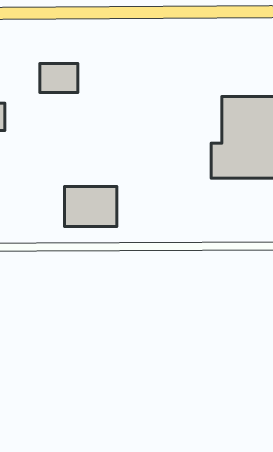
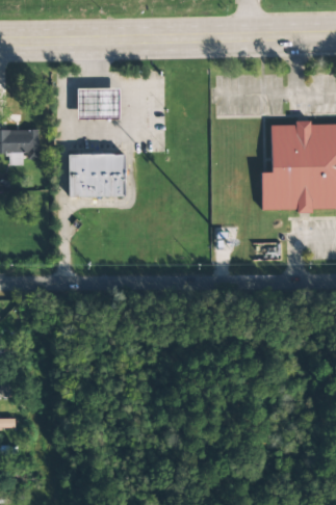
building: [64,186,117,226] -> [67,154,123,196]

